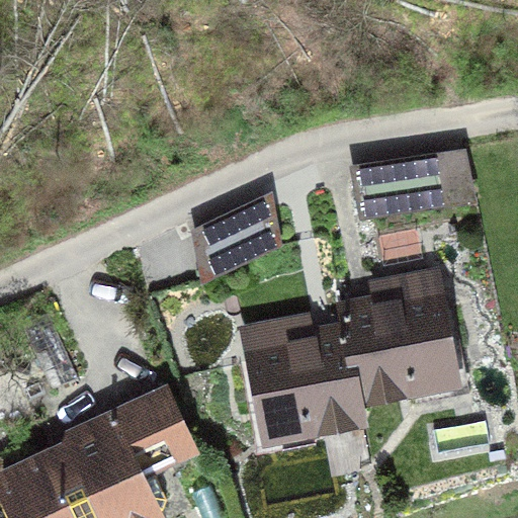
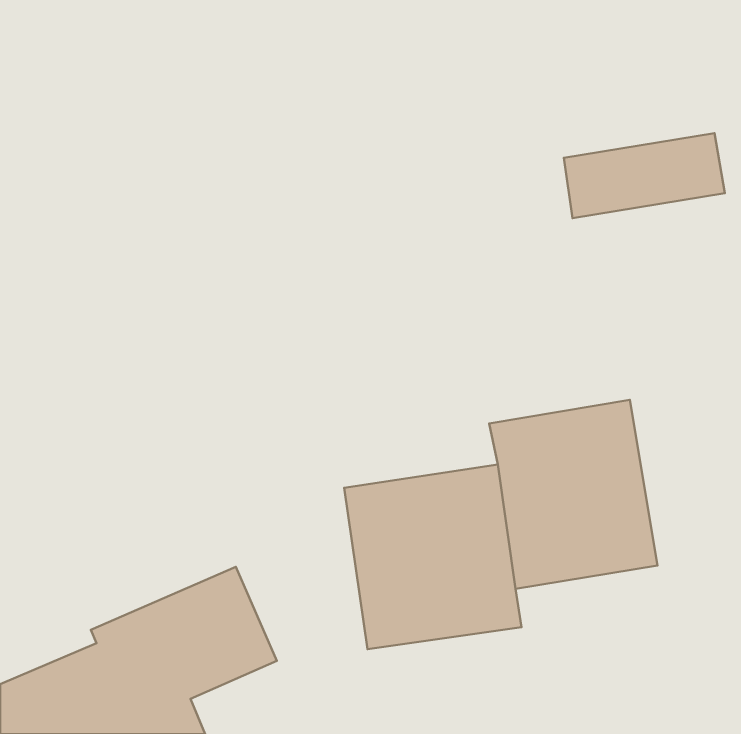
building: [362,148,473,206] -> [564,133,725,218]
building: [201,186,285,276] -> none

